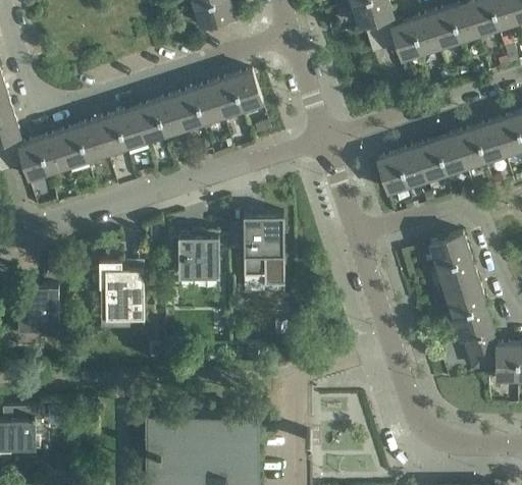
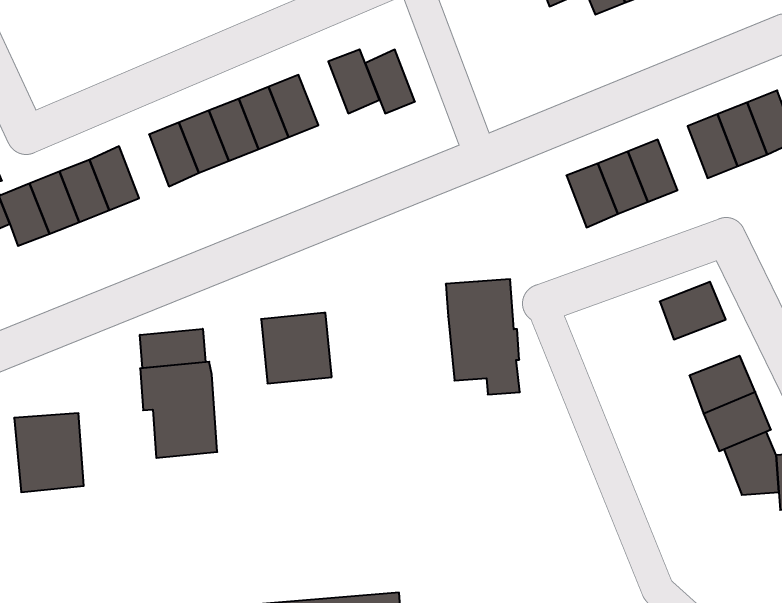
building: [212,78,242,118] -> [365,50,415,113]
building: [96,116,125,156] -> none
building: [435,136,465,175] -> none
building: [243,216,285,287] -> [446,279,520,394]
building: none -> [140,329,206,368]
building: [436,259,477,292] -> none

